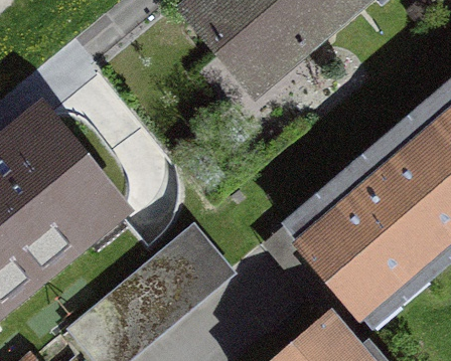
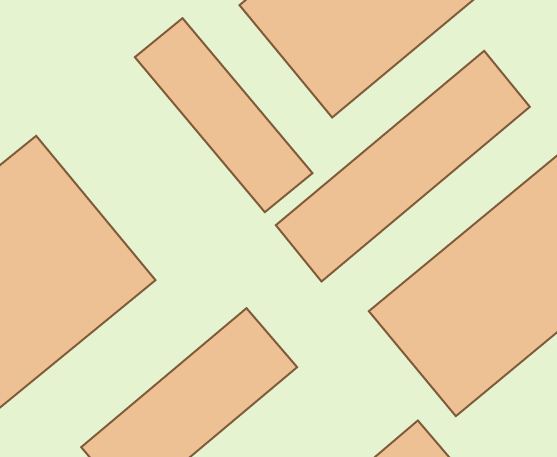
building: none -> [135,18,312,212]
building: none -> [276,51,530,281]

